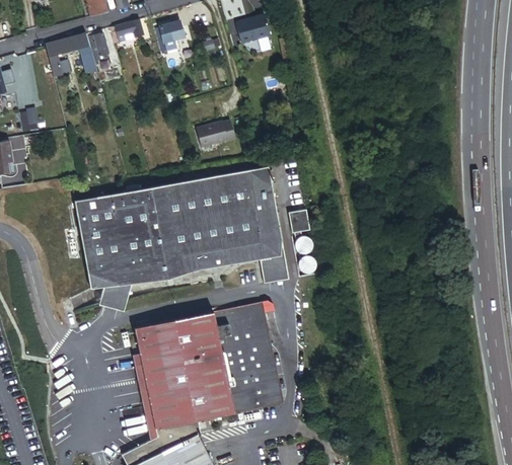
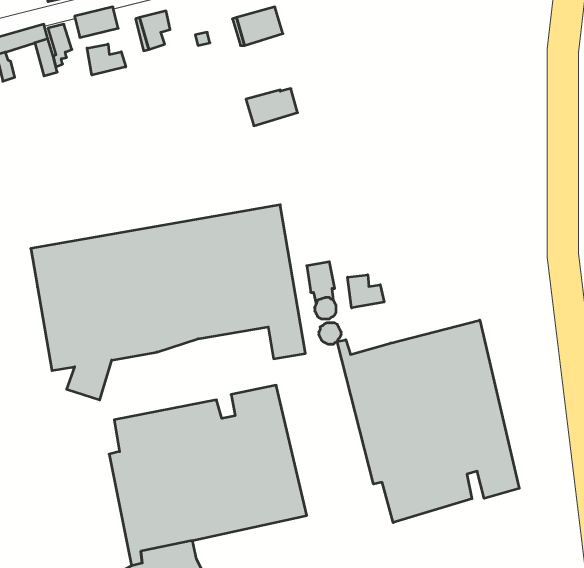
building: none -> [87,44,126,75]
building: [193,121,232,149] -> [246,89,298,126]
building: none -> [348,275,384,308]
building: none -> [337,320,519,523]

